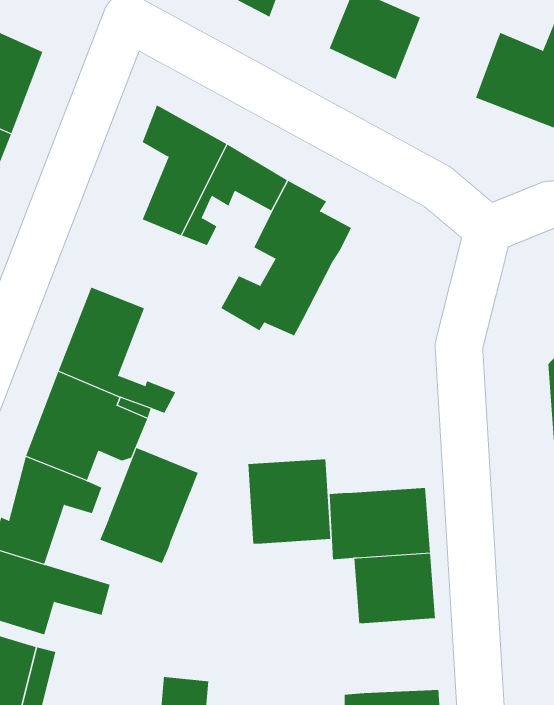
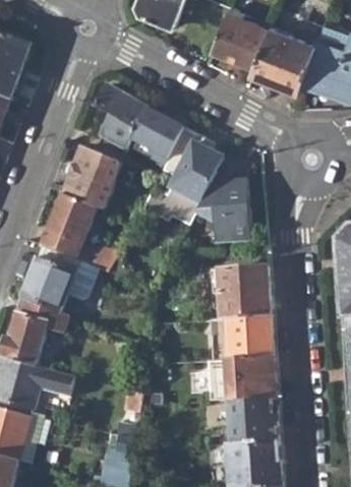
building: none -> [249,22,312,88]
building: none -> [61,147,120,210]
building: none -> [193,157,249,244]
building: [100,447,198,564] -> none
building: [247,459,331,544] -> [217,268,269,321]
building: none -> [228,400,277,445]

